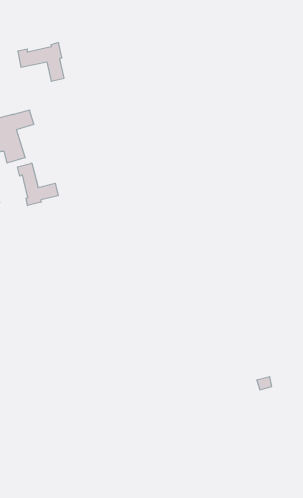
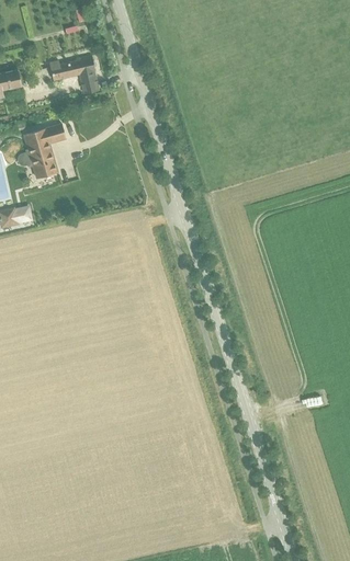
building: [18,163,58,206] -> none

